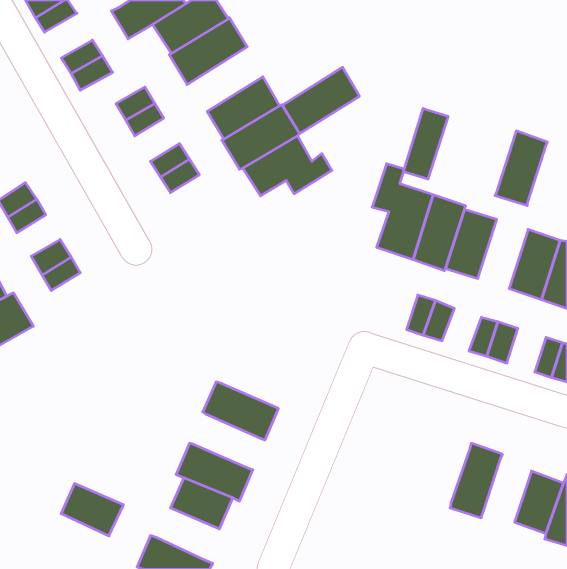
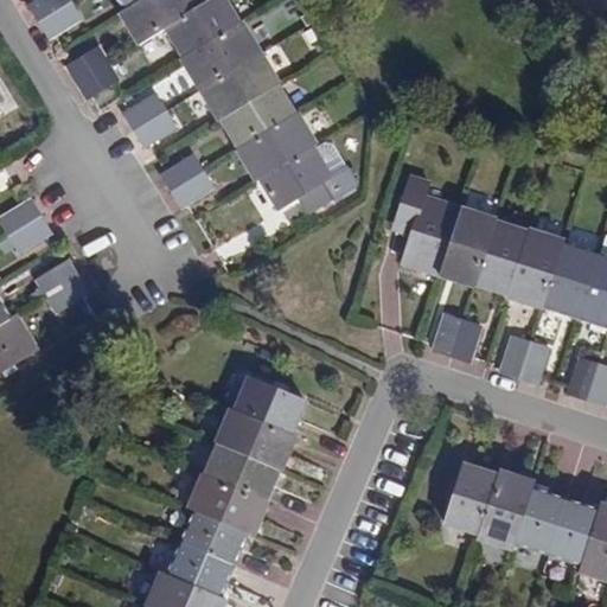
building: [283,67,359,133] -> [199,50,281,120]
building: [404,108,448,179] -> none
building: [495,131,547,206] -> [507,230,563,309]
building: none -> [235,376,305,433]
building: none -> [205,441,279,499]
building: none -> [446,465,500,535]
building: none -> [515,490,566,556]
building: [61,484,123,536] -> [167,541,234,596]

